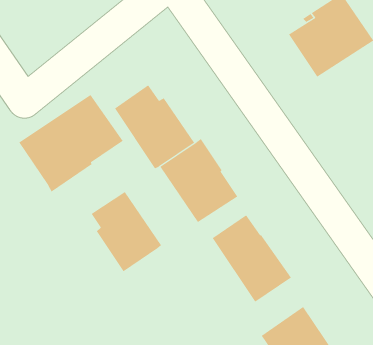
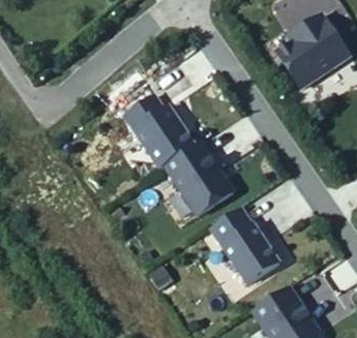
building: [18,94,123,192] -> none
building: [91,191,162,272] -> none

